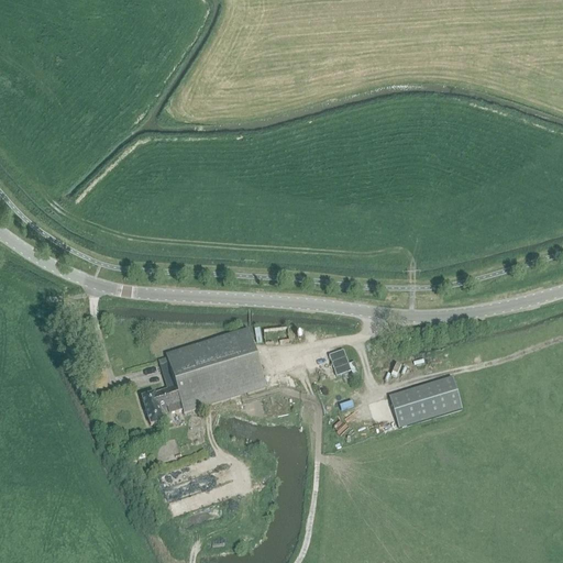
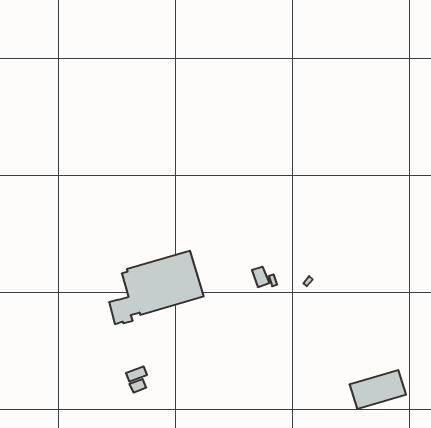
building: [389,375,463,426] -> [349,370,406,409]

